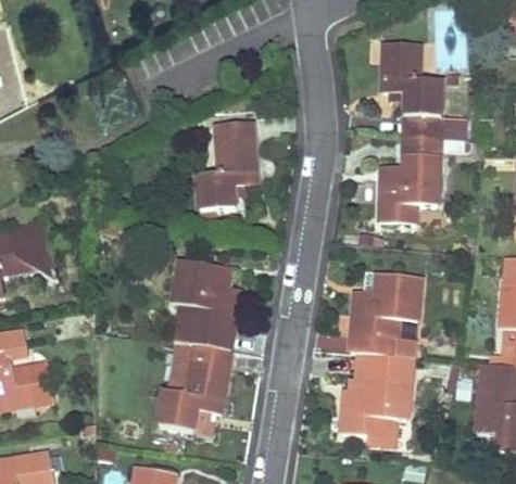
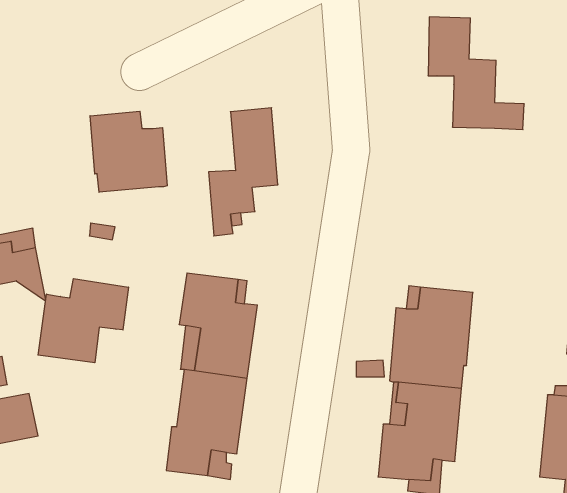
building: none -> [90,111,167,192]
building: [380,137,440,224] -> none
building: none -> [38,279,128,363]

